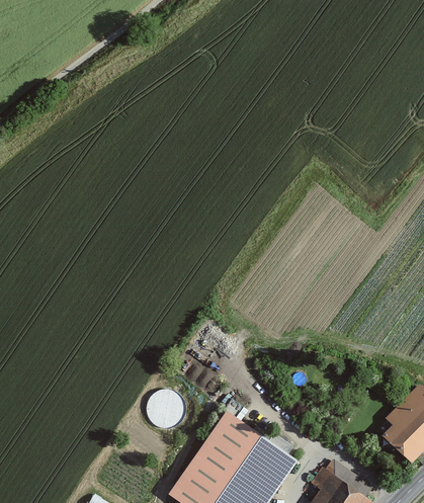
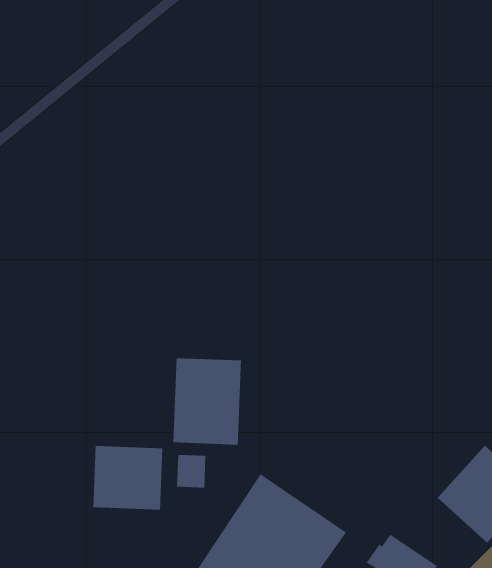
building: none -> [173,357,241,445]
building: none -> [93,445,163,511]

